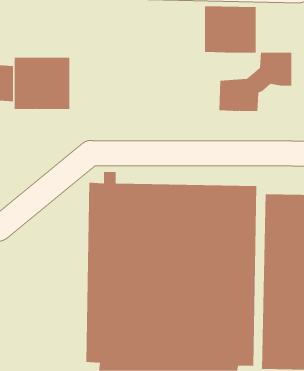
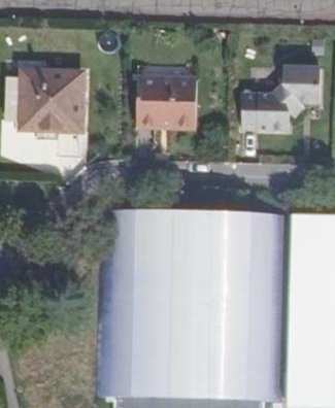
building: [204,6,257,53] -> [139,75,195,126]

